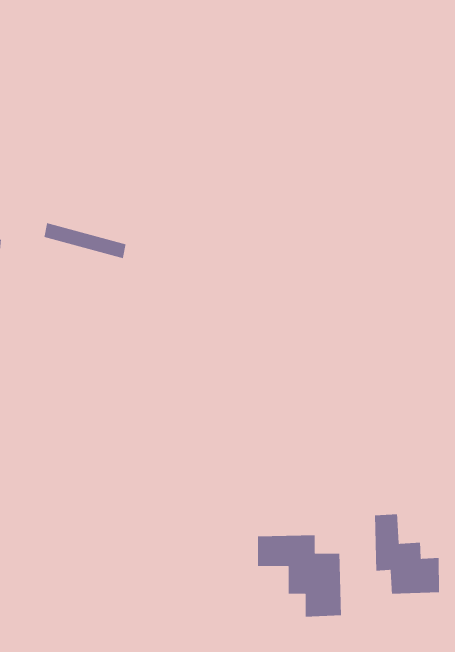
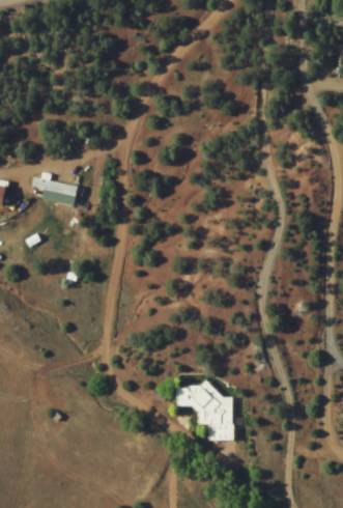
building: [374,513,440,594] -> none

